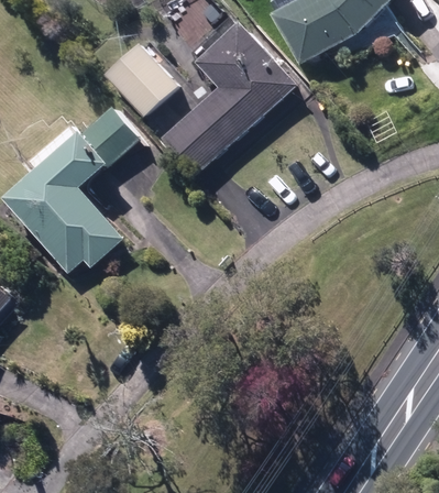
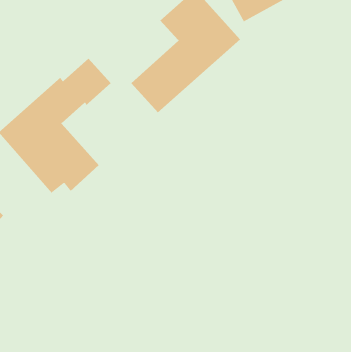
building: [106,44,176,116] -> none

